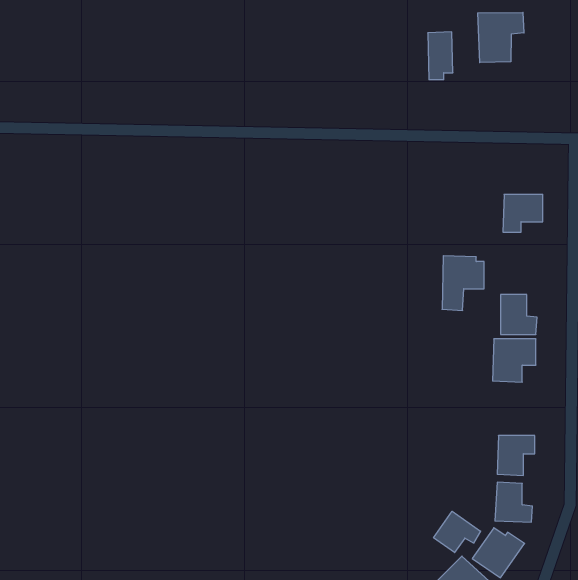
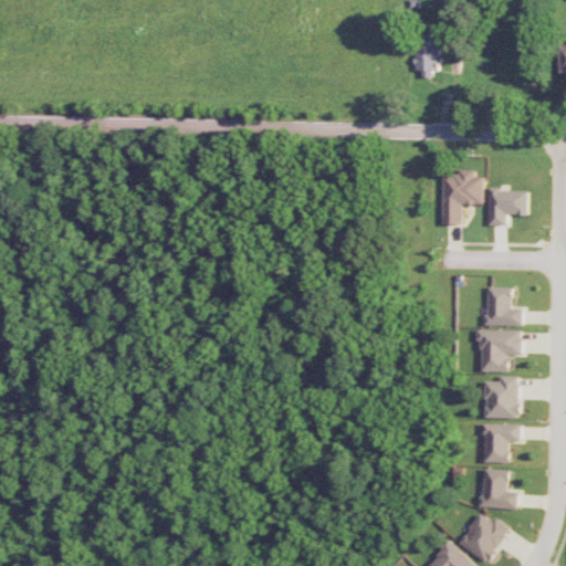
building: [478,12,524,63] -> none
building: [442,256,484,310] -> [441,172,482,226]
building: none -> [484,377,518,419]
building: [434,511,481,553] -> none

